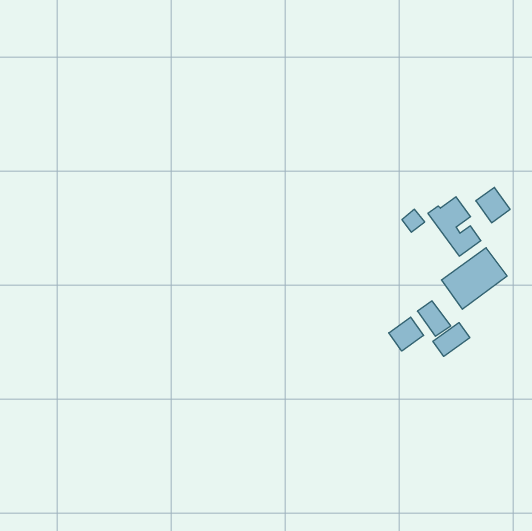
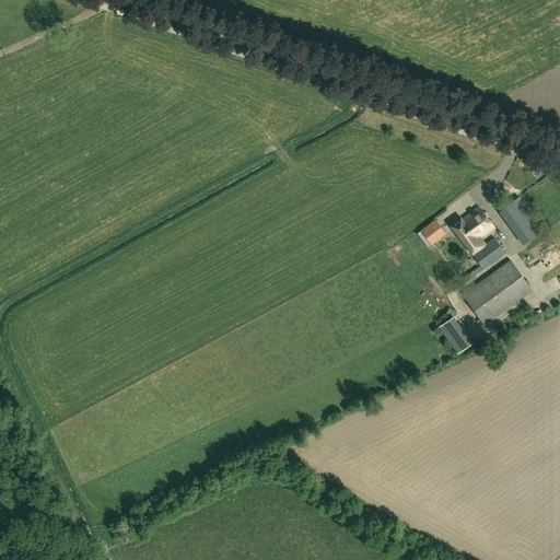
building: [389,317,424,351] -> none
building: [433,323,470,356] -> none

